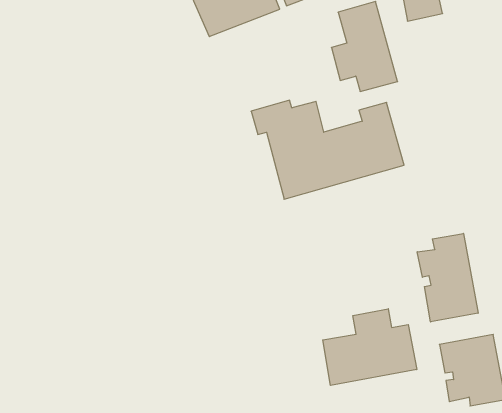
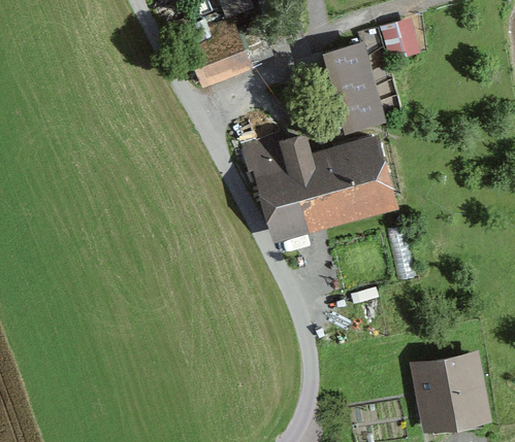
building: [417,233,478,322] -> none
building: [323,309,417,385] -> none

